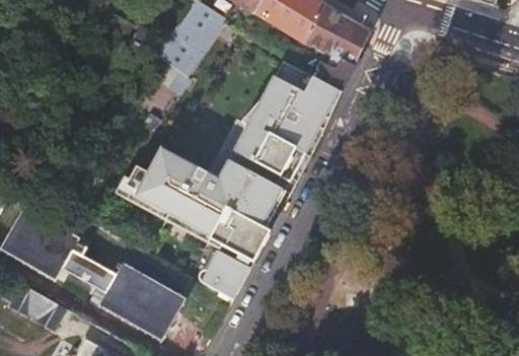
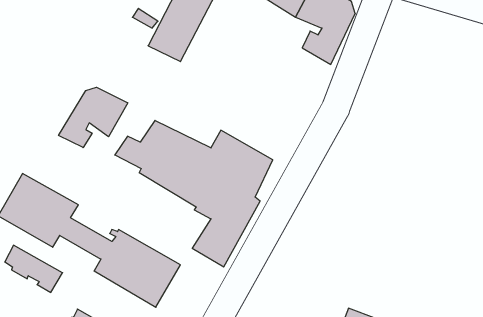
building: [234,61,343,180] -> none
building: none -> [59,87,128,148]

